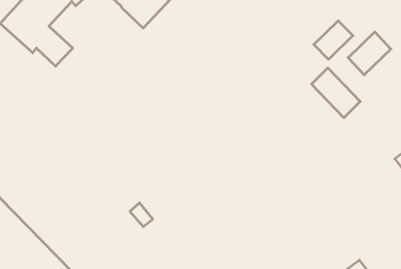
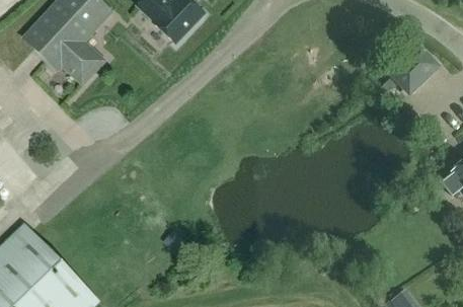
building: [314,21,353,59] -> none
building: [312,68,360,118] -> none

